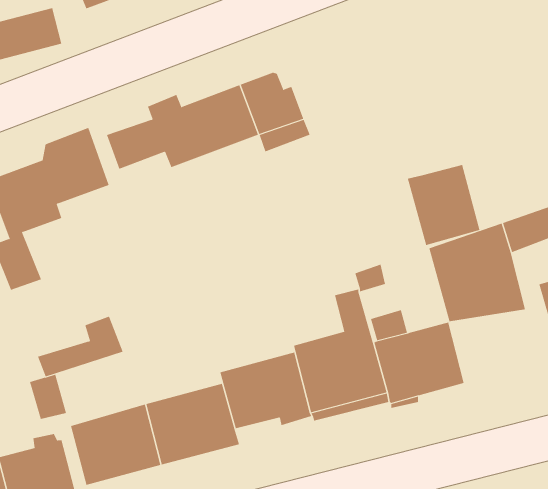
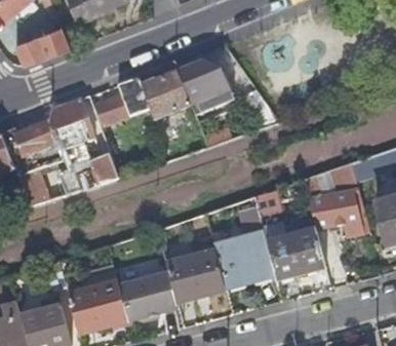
building: [407,164,480,246] -> none
building: [37,316,124,377] -> [62,154,118,194]

